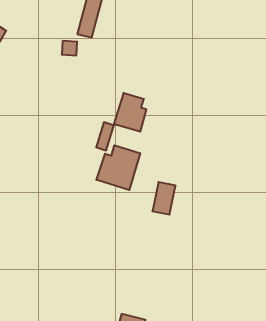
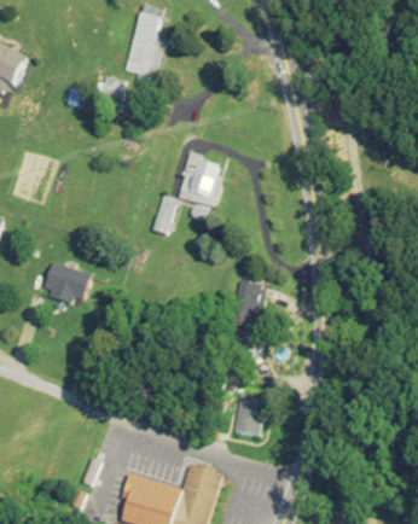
building: [96,145,140,190] -> none
building: none -> [43,262,92,304]
building: none -> [234,391,266,433]

